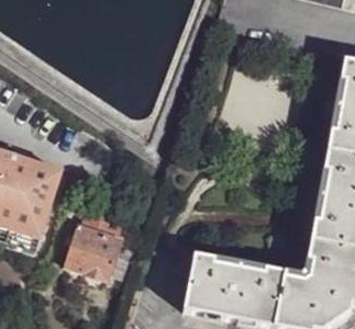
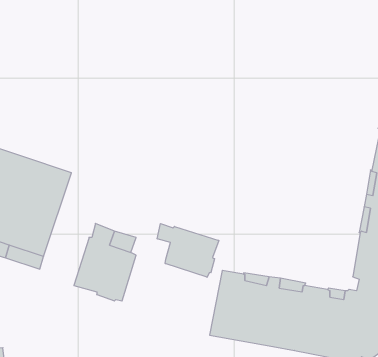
building: none -> [157,224,219,277]

